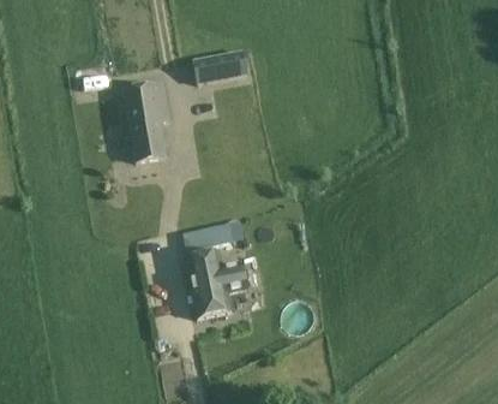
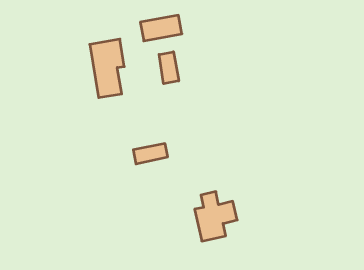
building: none -> [159,52,179,84]
building: [187,250,245,317] -> [195,192,237,241]

